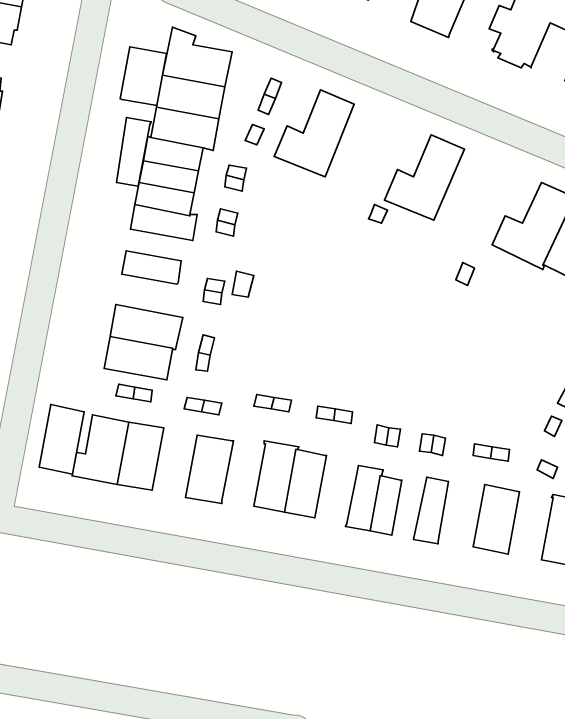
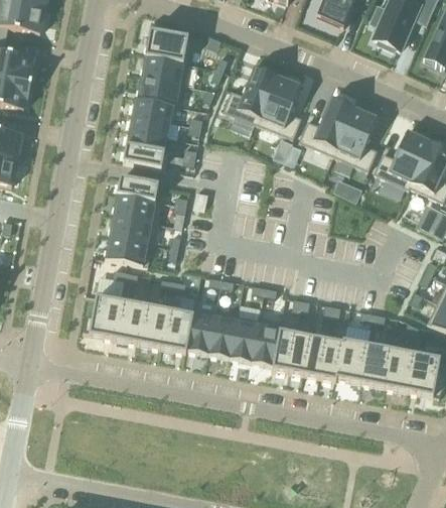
building: [120,47,166,106] -> none
building: none -> [258,75,302,138]
building: [116,117,151,186] -> none
building: none -> [333,106,378,170]
building: none -> [113,193,163,223]
building: [39,405,84,474] -> [138,299,169,348]
building: none -> [186,306,216,354]
building: none -> [251,315,282,366]
building: none -> [304,331,328,377]
building: none -> [336,335,368,382]
building: none -> [385,344,416,391]

